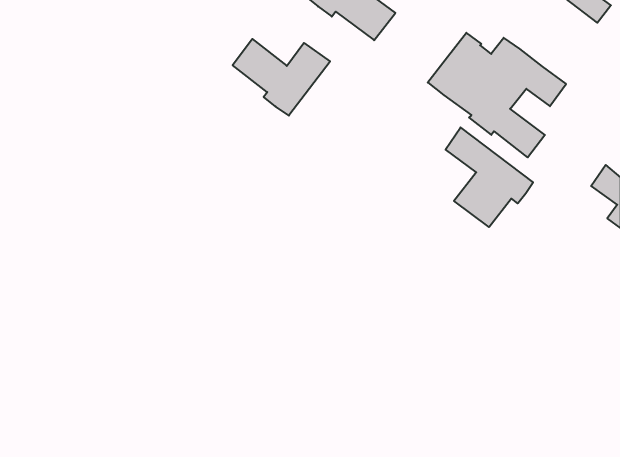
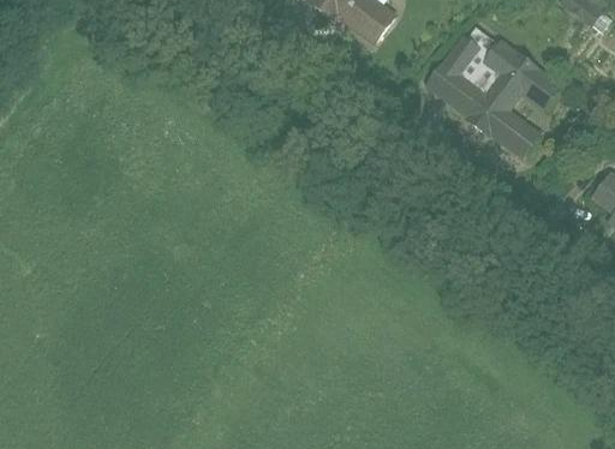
building: [233,39,330,116] -> none
building: [446,127,533,227] -> none

